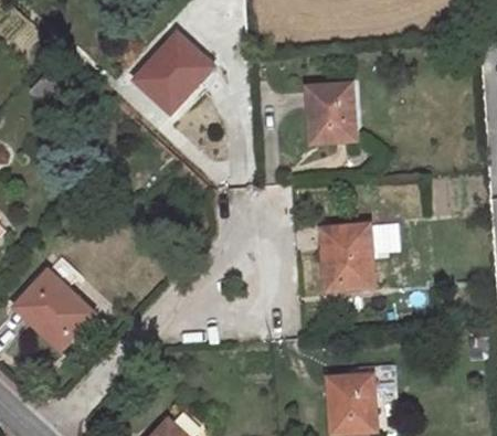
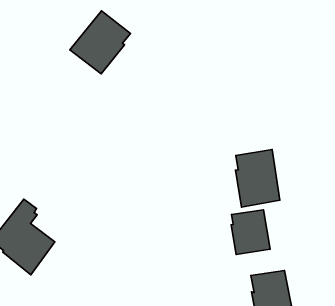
building: [307,84,356,142] -> none
building: none -> [231,210,270,255]

